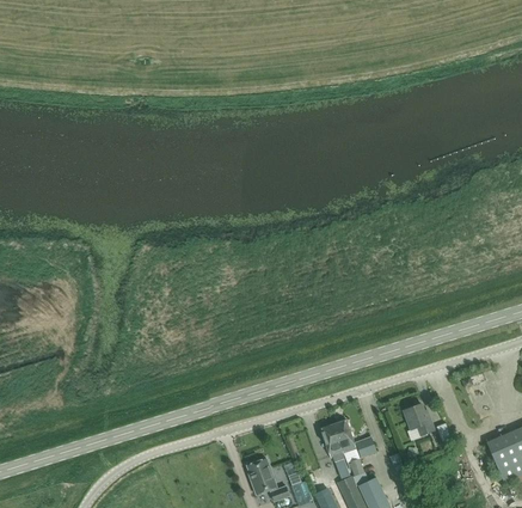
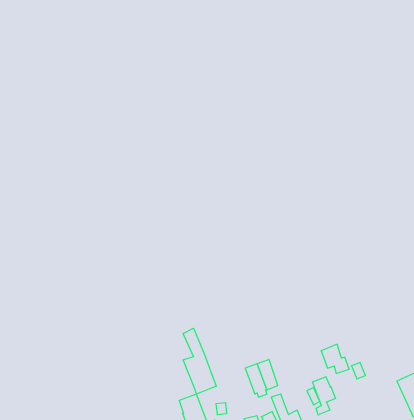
building: none -> [183,328,216,394]
building: none -> [313,377,335,415]

